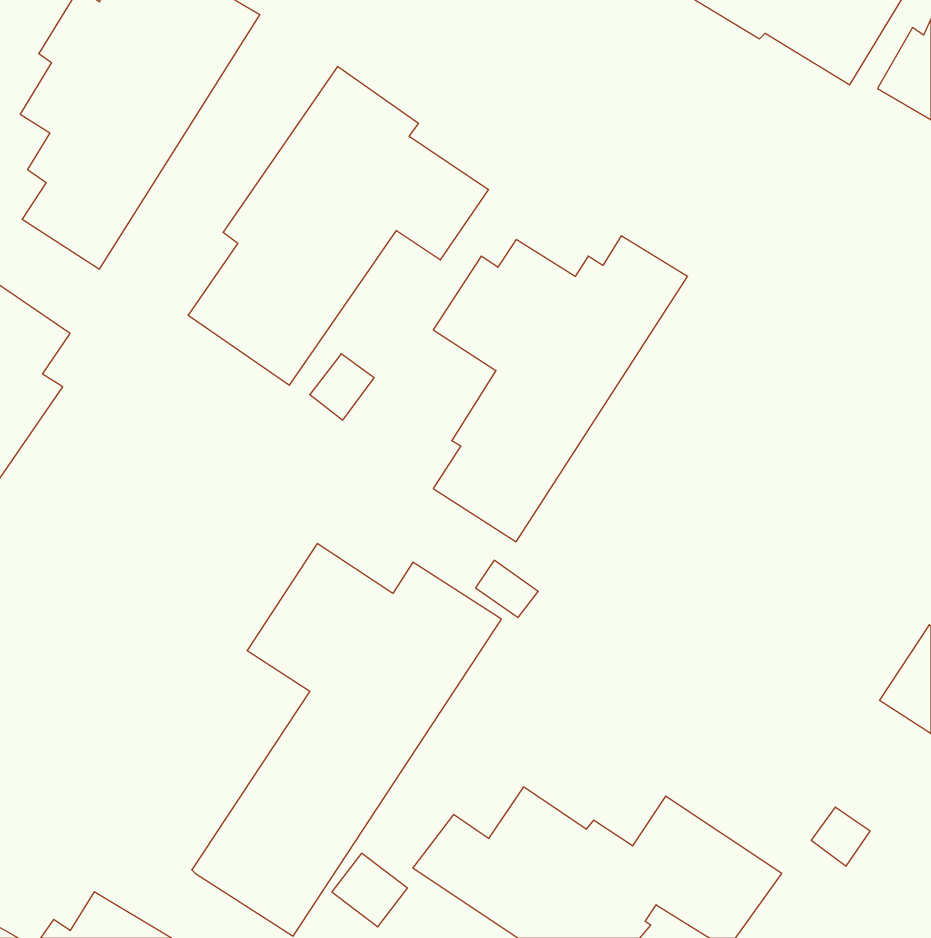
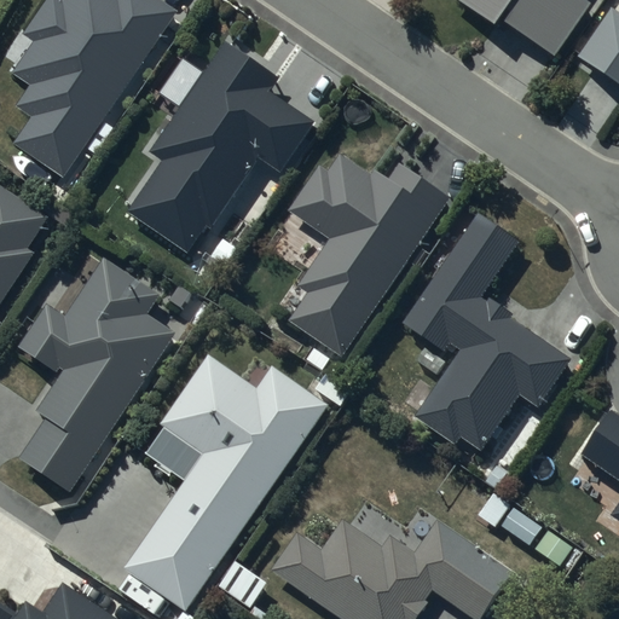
building: none -> [401,209,572,453]
building: none -> [17,255,172,491]

